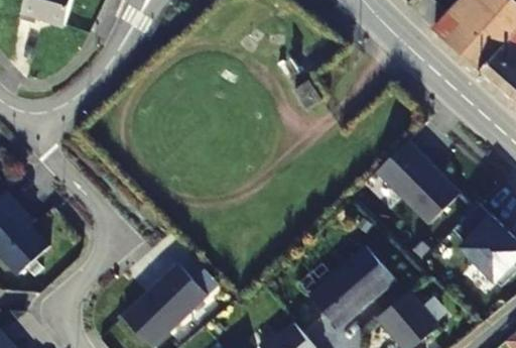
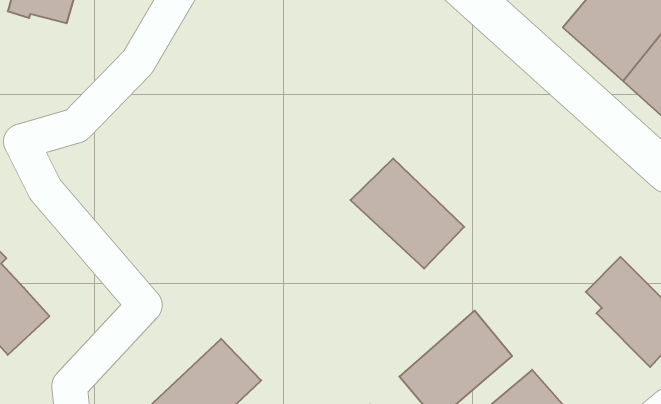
building: [374,141,460,224] -> [350,158,464,269]

